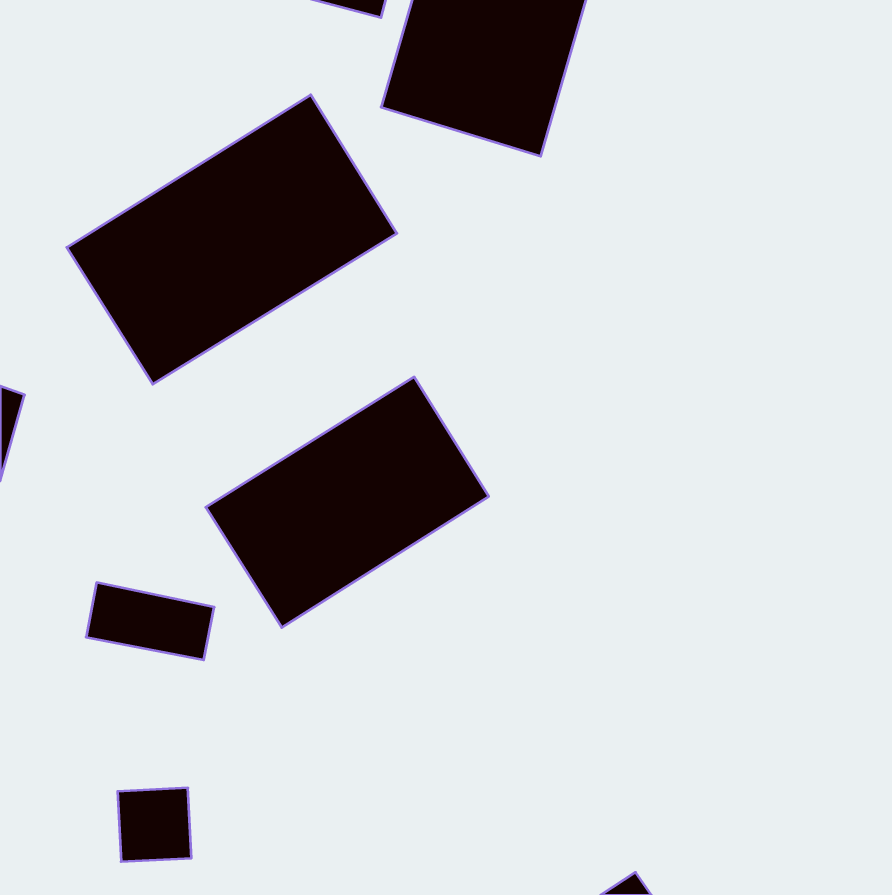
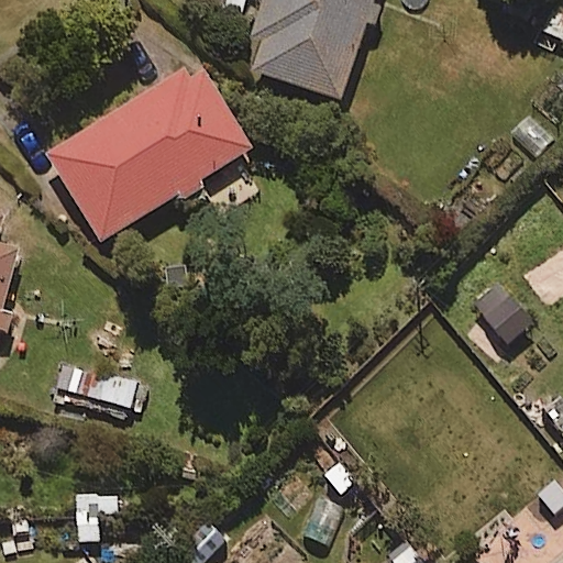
building: [206,377,489,628] -> none

